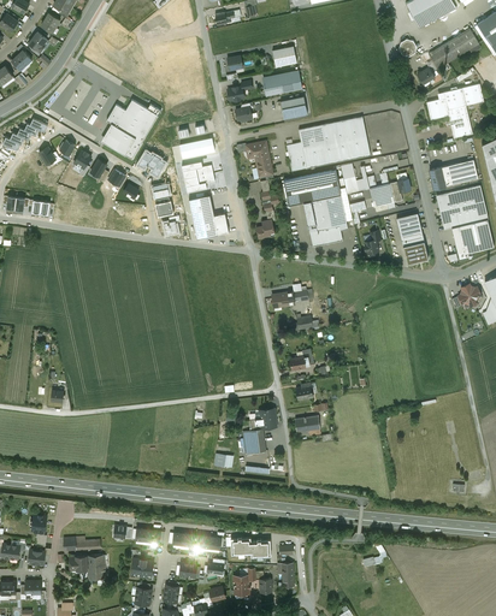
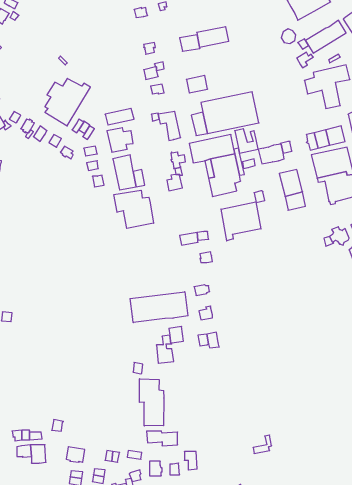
building: [262,70,302,95] -> [197,27,229,47]
building: none -> [114,190,154,228]
building: none -> [221,202,261,241]
building: none -> [130,292,188,323]
building: none -> [140,379,164,426]

